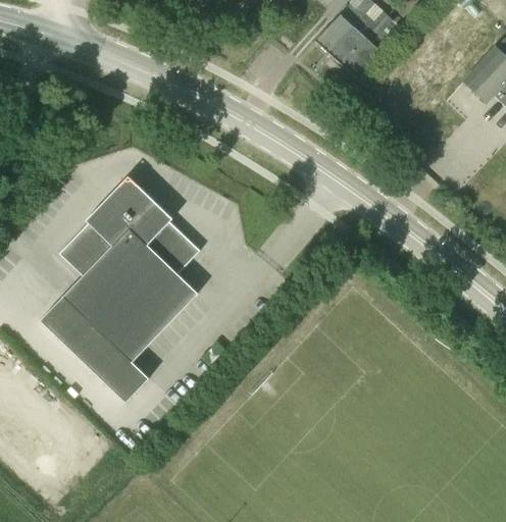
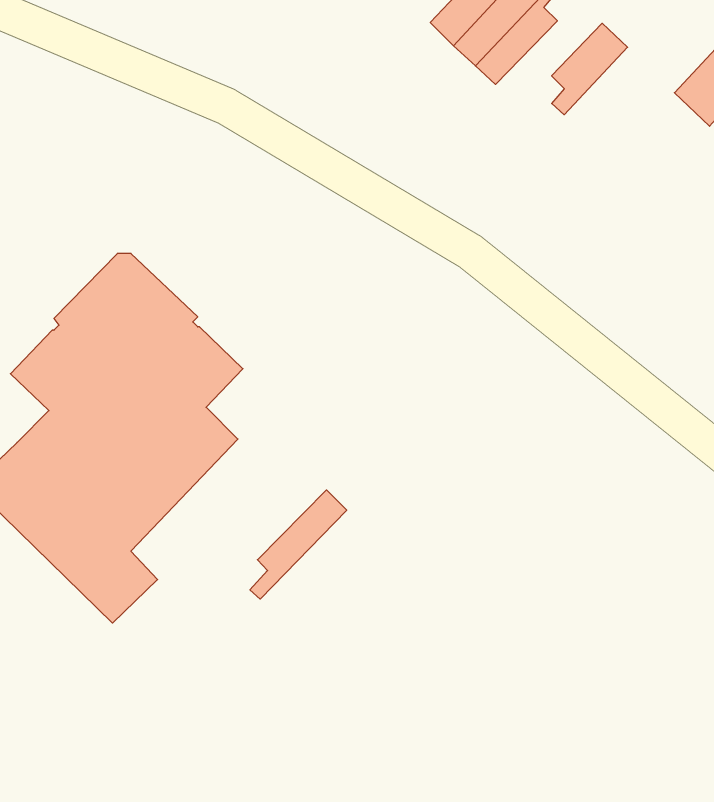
building: none -> [552,23,628,115]
building: none -> [250,490,347,599]

